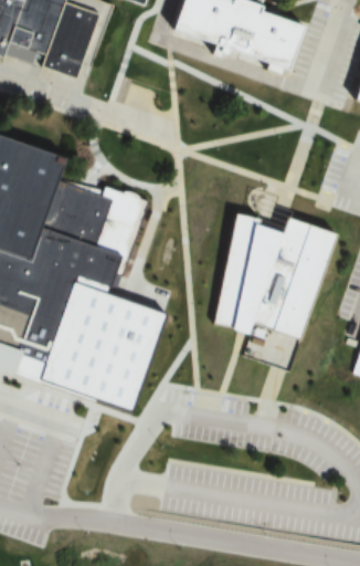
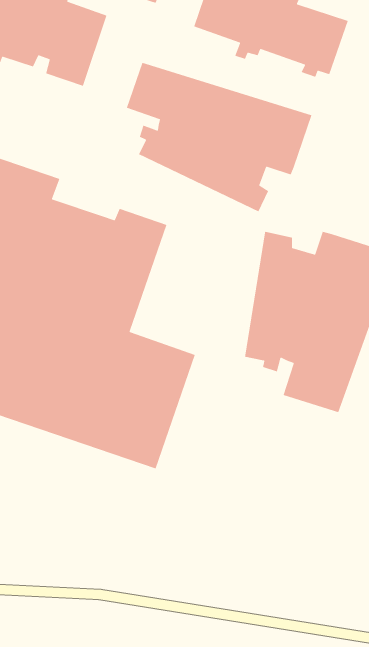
building: none -> [126,62,312,213]

